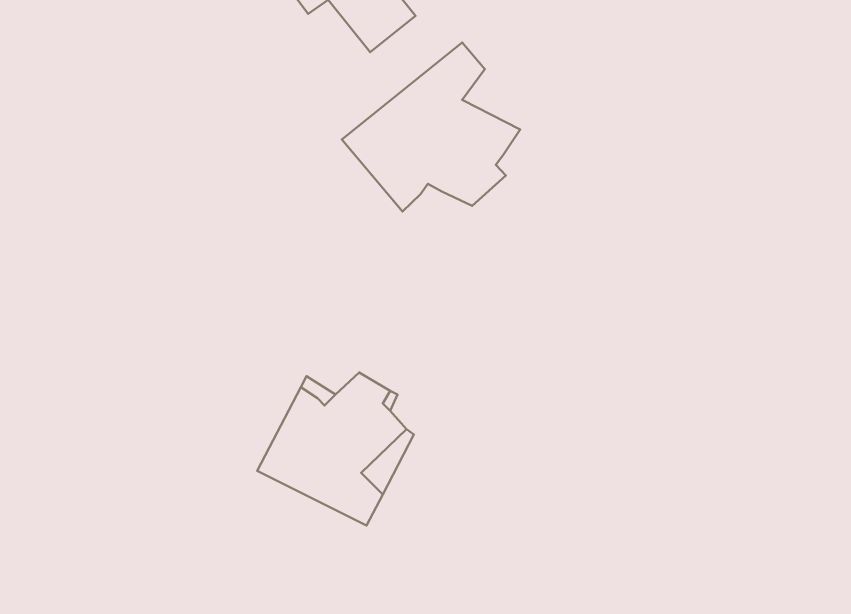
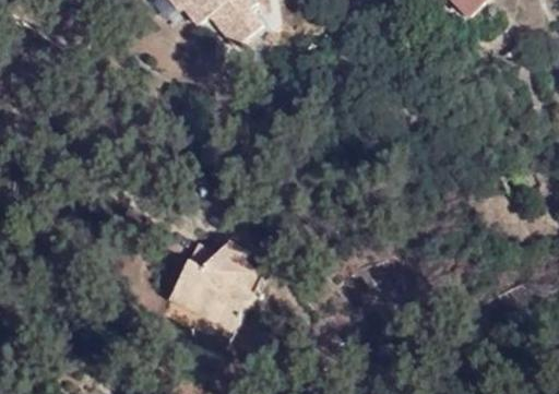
building: [342,42,520,212] -> none

